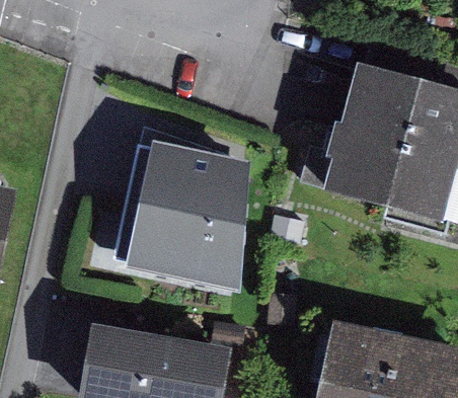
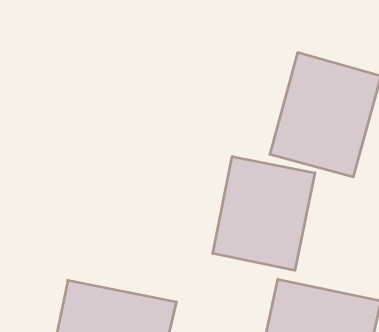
building: [122,151,237,289] -> none
building: none -> [213,156,315,270]

